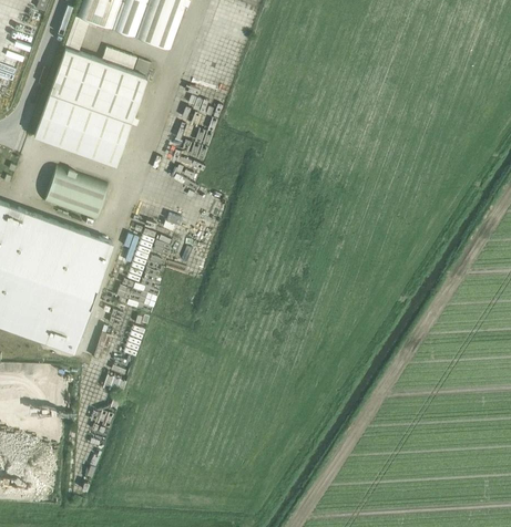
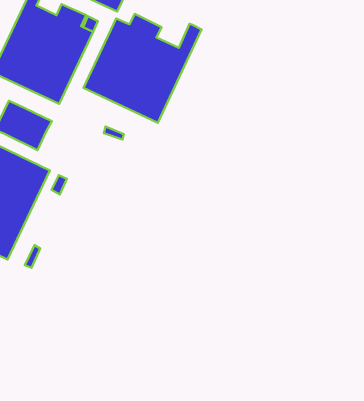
building: none -> [84,14,201,123]

